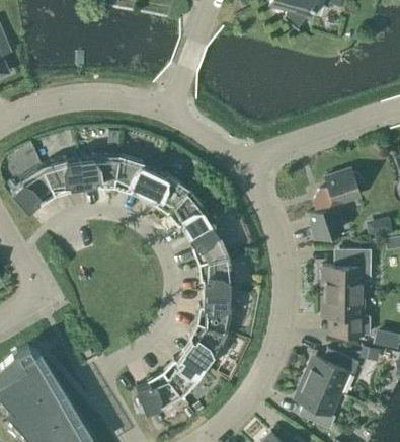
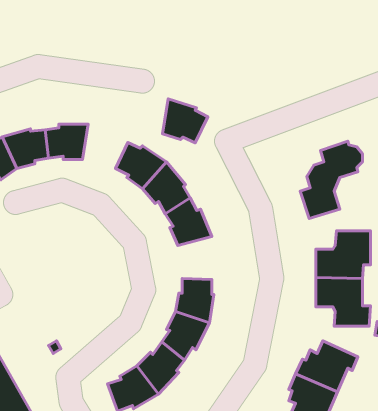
building: [113,154,154,194] -> [162,99,208,143]
building: [198,254,232,293] -> none

